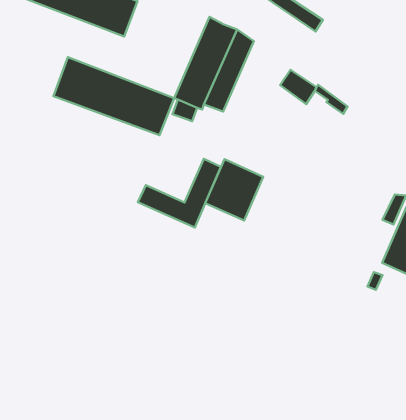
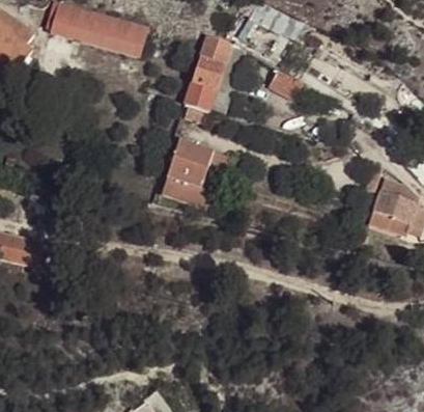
building: [54,57,174,135] -> none
building: [205,159,263,221] -> [165,139,210,188]

